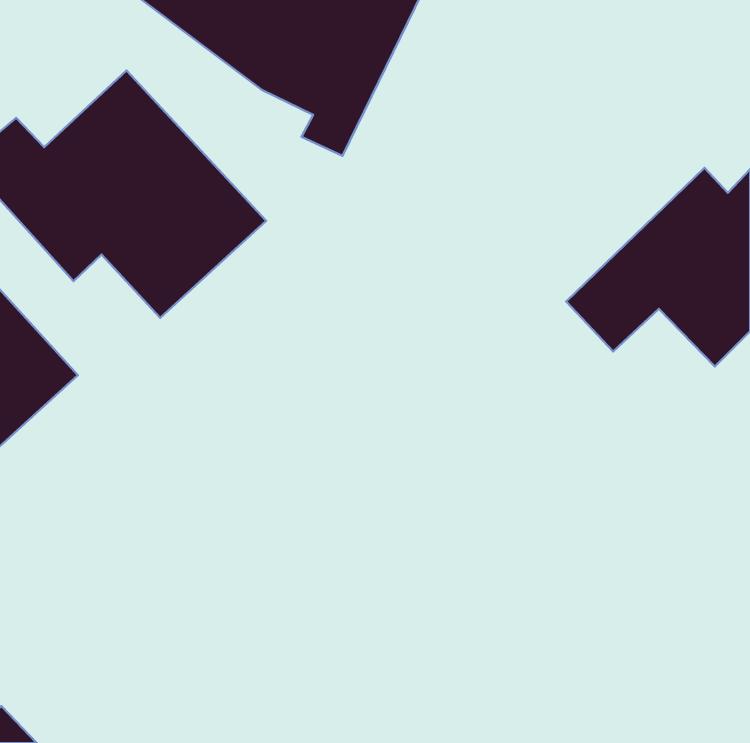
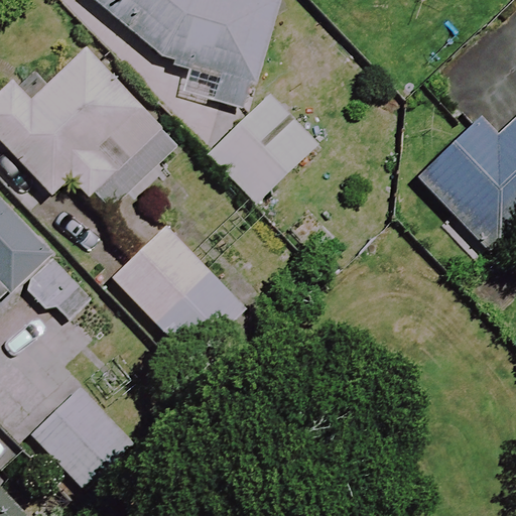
building: none -> [208,94,316,202]
building: none -> [112,225,234,349]
building: none -> [32,386,133,488]

